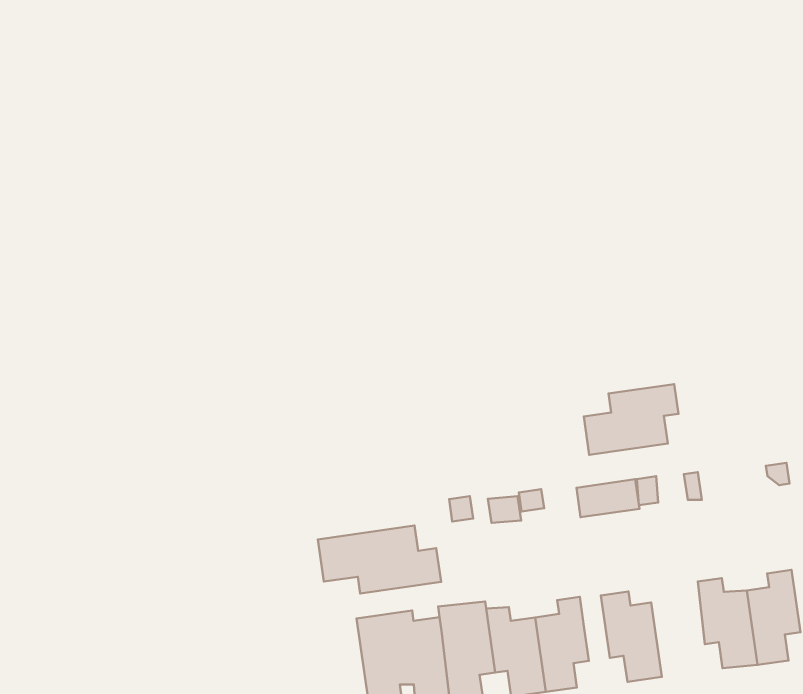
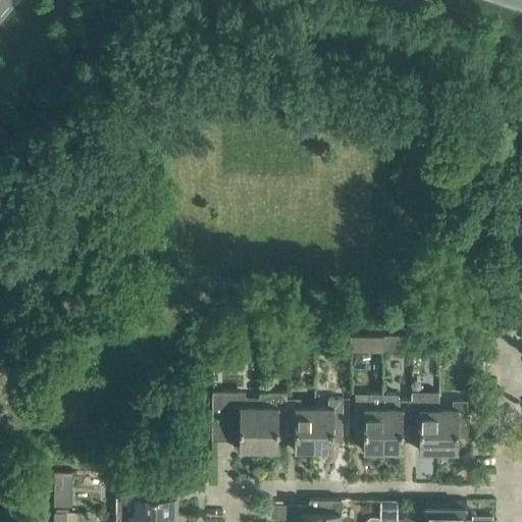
building: [584,384,679,455] -> none
building: [318,526,441,594] -> none
building: none -> [383,403,412,455]

